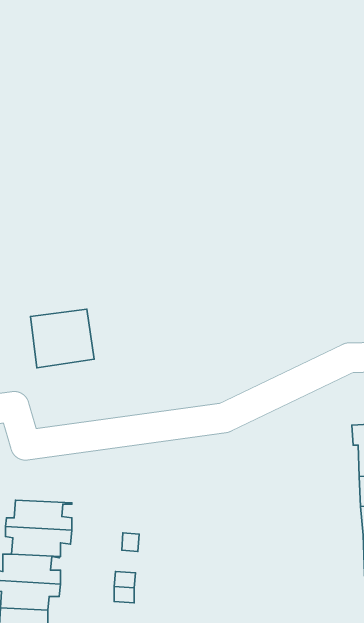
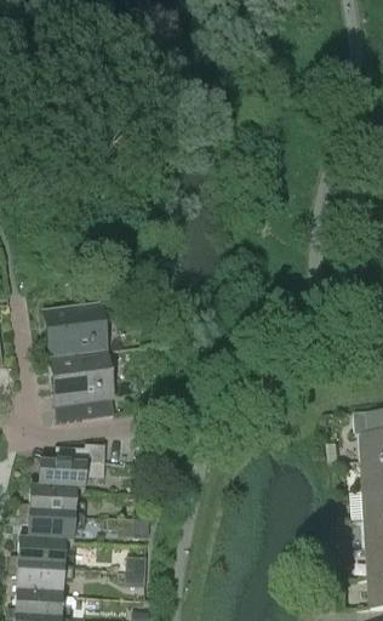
building: none -> [50,349,114,417]
building: none -> [29,441,105,489]

